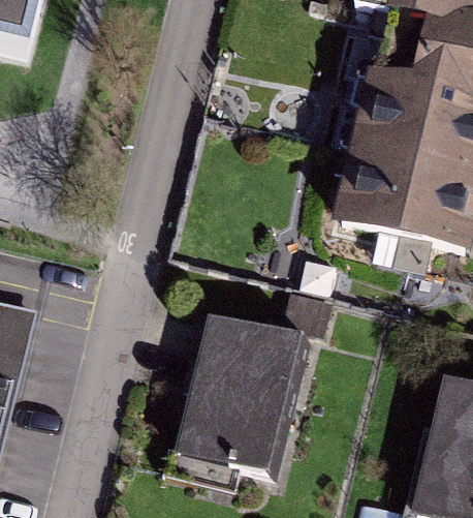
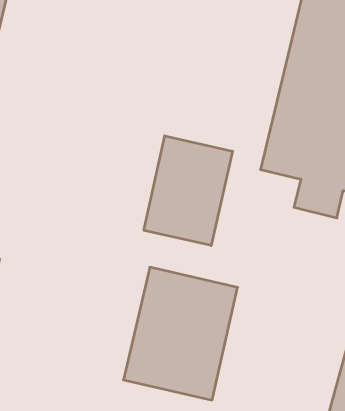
building: none -> [144,136,233,246]

